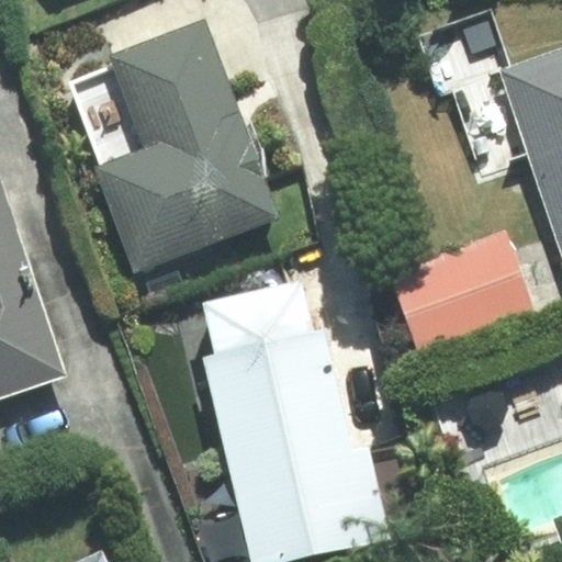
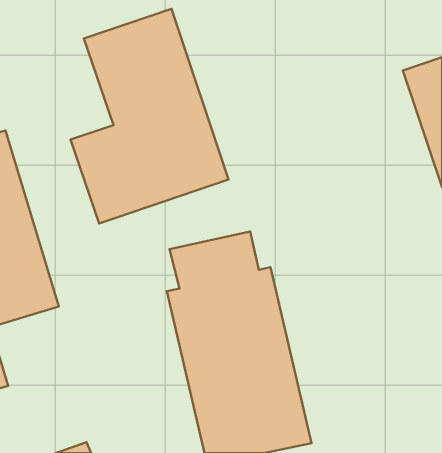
building: [380,229,536,364] -> none

